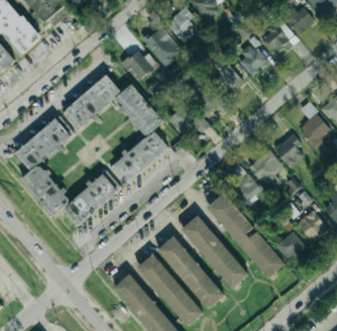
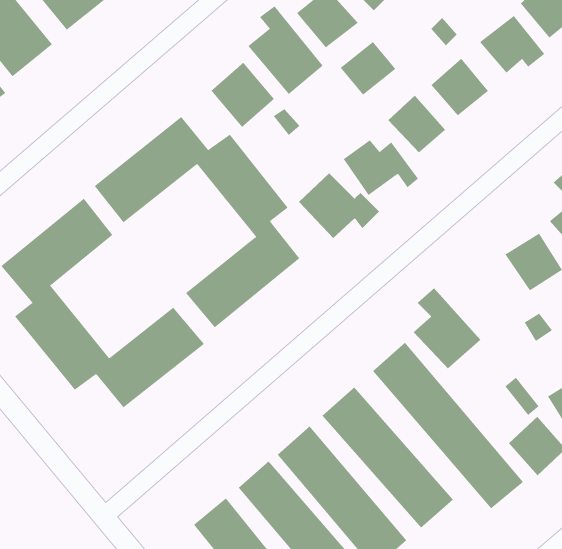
building: none -> [340,41,396,96]
building: [249,148,284,189] -> none

